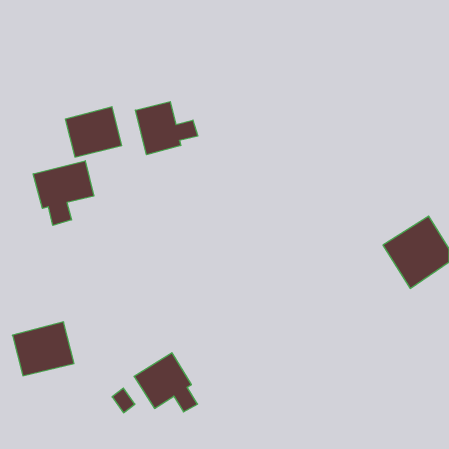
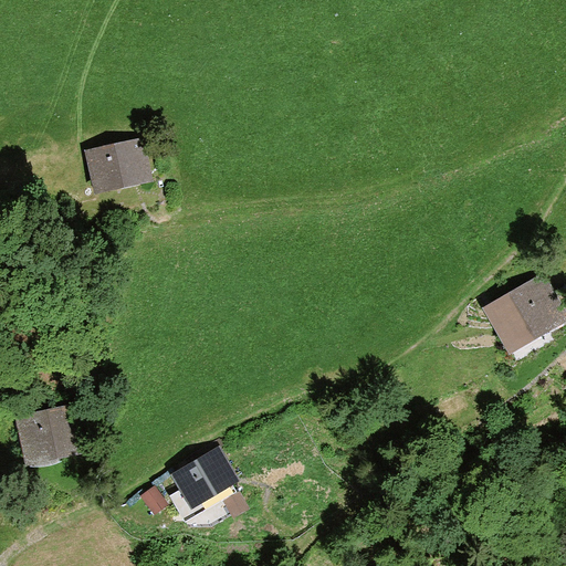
building: [135,102,198,155] -> none
building: [33,161,94,225] -> none

